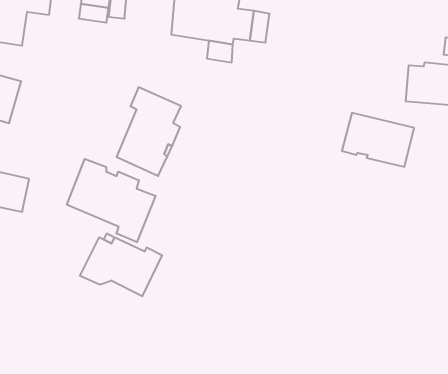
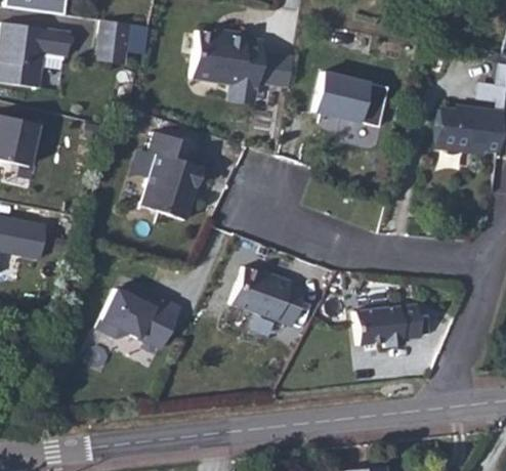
building: [342,113,414,167] -> [311,72,386,127]
building: [67,159,156,242] -> none
building: none -> [238,269,312,329]
building: none -> [362,307,427,350]

